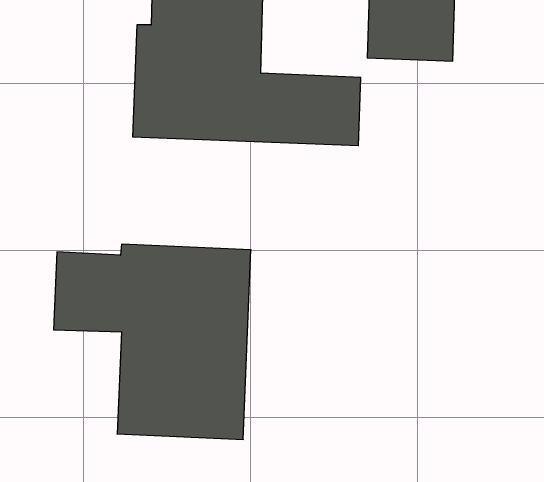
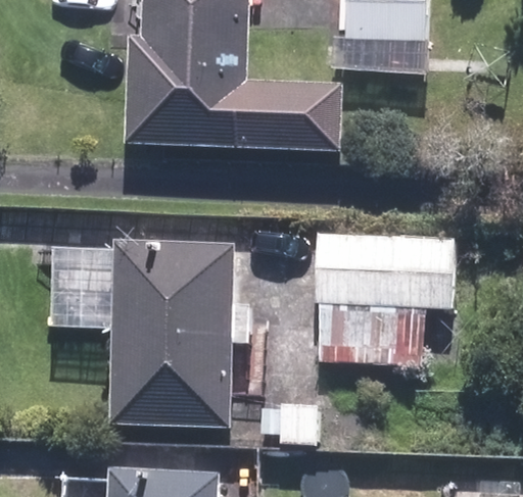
building: none -> [312,235,448,361]

